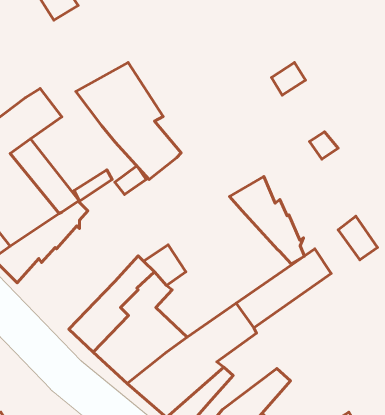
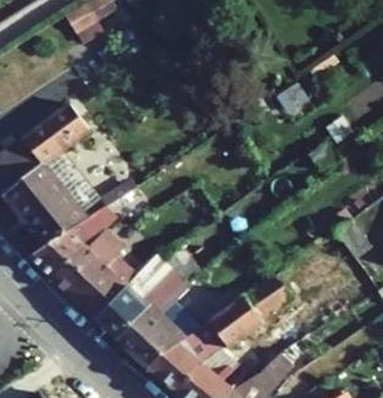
building: [76,62,181,180] -> none
building: [230,176,305,264] -> none
building: none -> [50,227,130,319]

